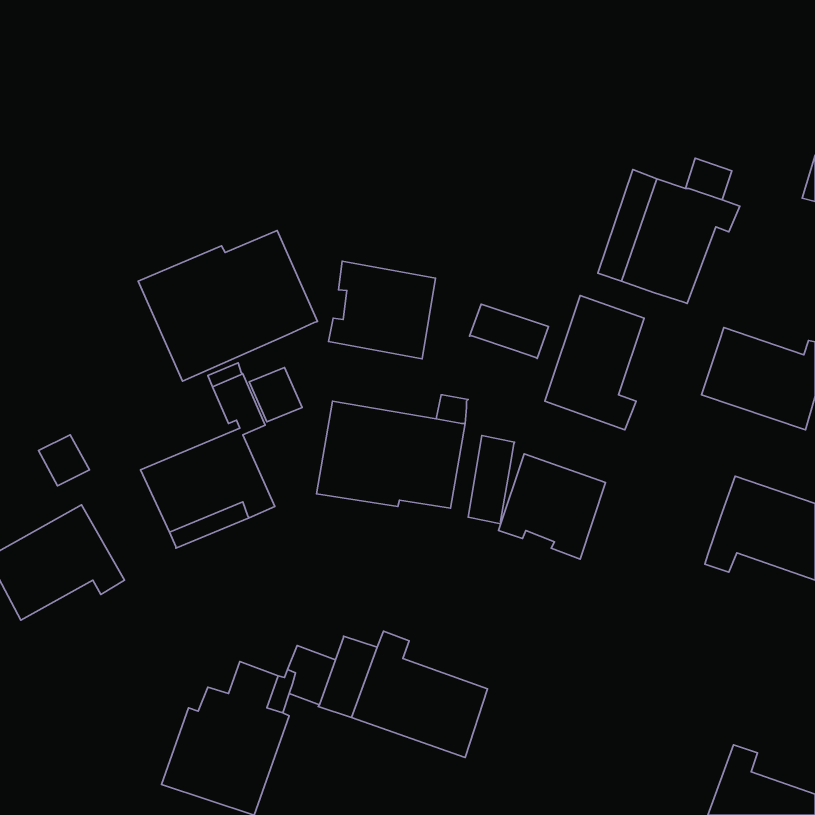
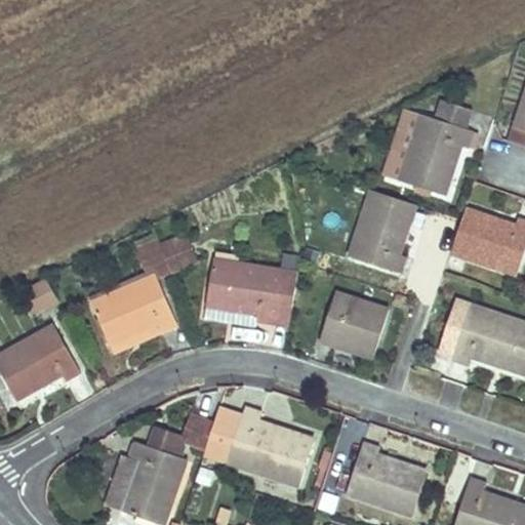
building: [138,230,318,381] -> none
building: [329,261,436,359] -> none
building: [470,304,549,359] -> none
building: [468,436,515,524] -> none
building: none -> [347,442,427,517]

